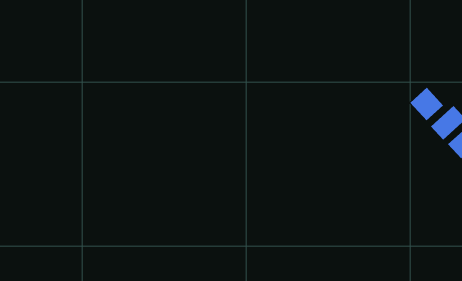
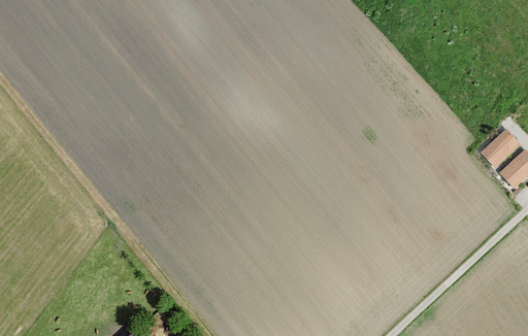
building: [410,87,444,121] -> none

